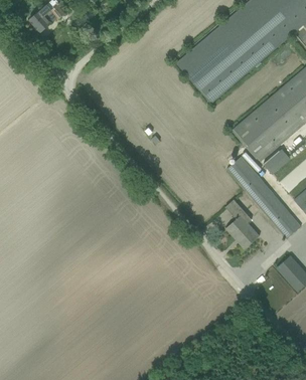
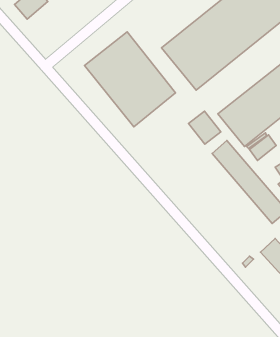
building: none -> [85,32,176,127]
building: none -> [188,111,221,144]
building: [220,212,256,247] -> none

